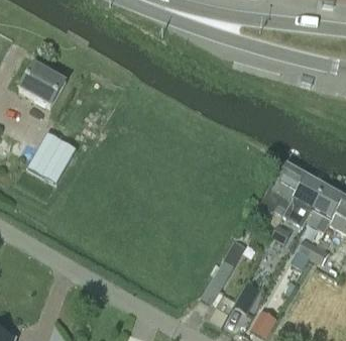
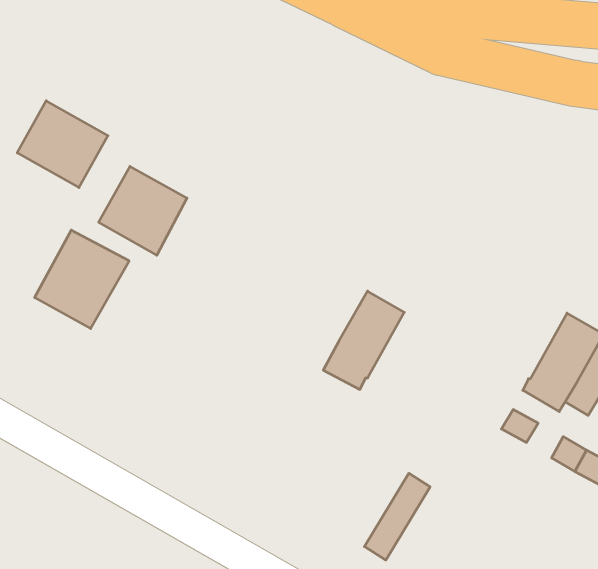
building: none -> [99,166,187,255]
building: [263,162,306,214] -> [323,291,404,389]

